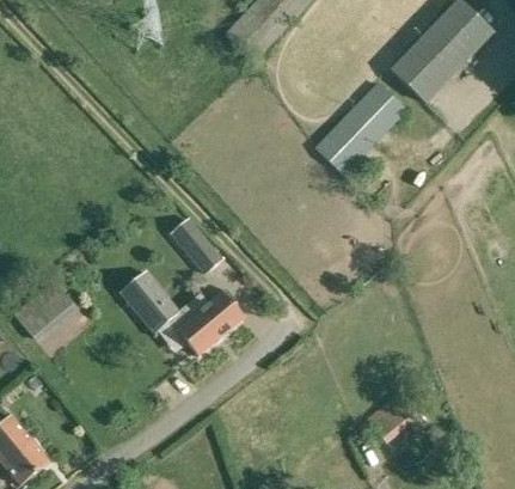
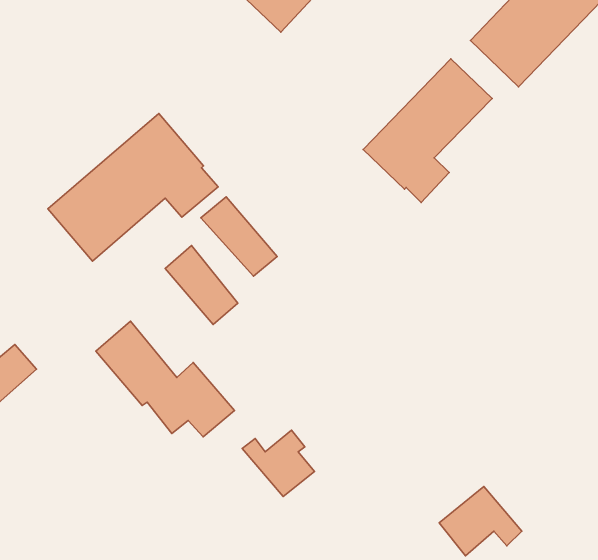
building: none -> [48,114,218,261]
building: none -> [201,197,277,276]
building: [190,288,243,336] -> [242,430,315,496]

